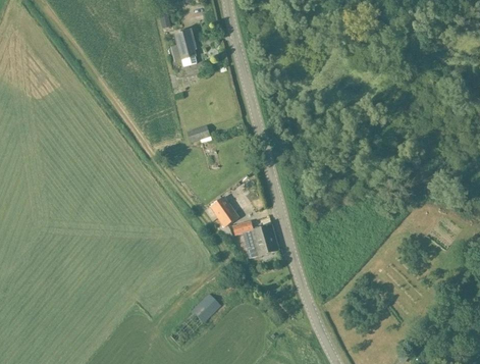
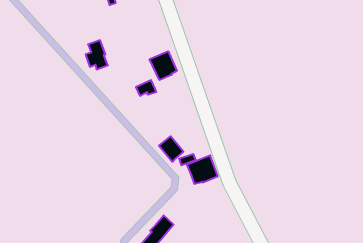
building: [170,30,197,65] -> [86,40,108,69]
building: none -> [150,51,177,80]

